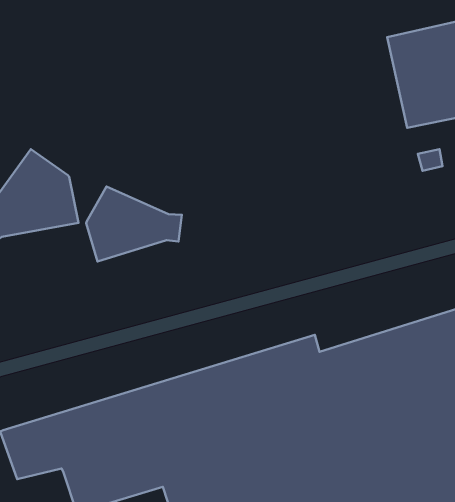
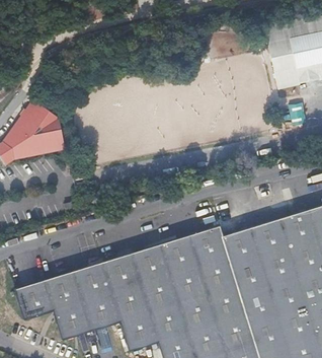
building: [86,187,182,261] -> none

